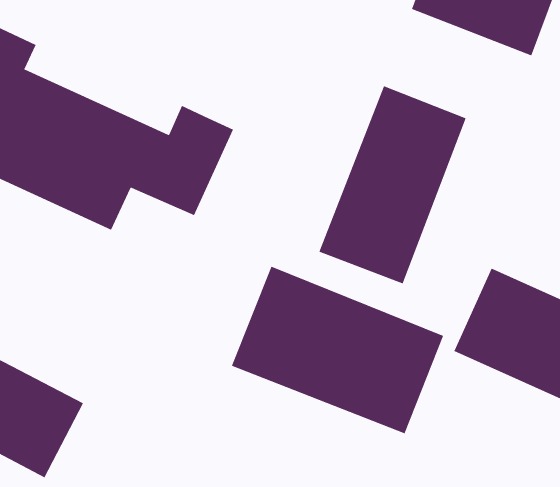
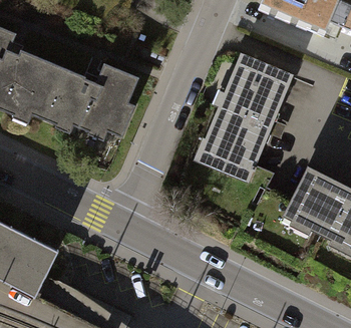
building: [231,266,444,434] -> none

